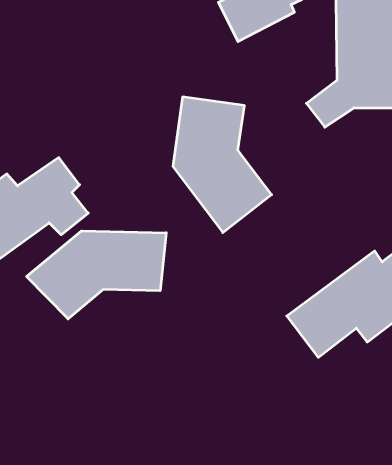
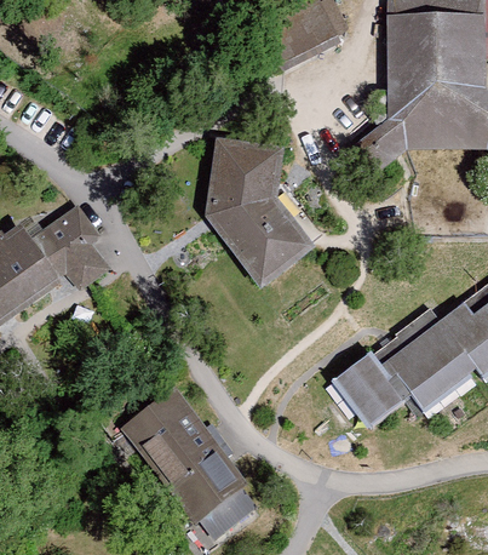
building: [27,231,166,319] -> none
building: none -> [121,388,258,540]

